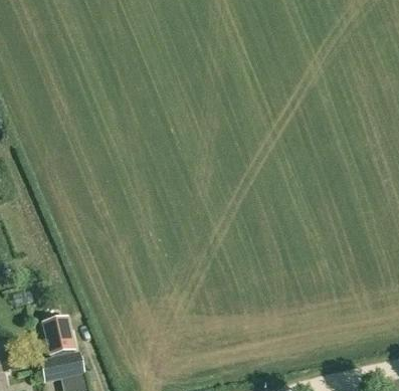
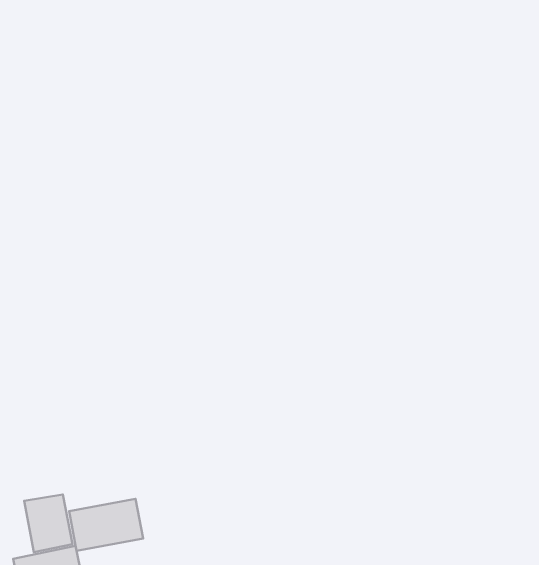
building: none -> [69,499,143,551]

